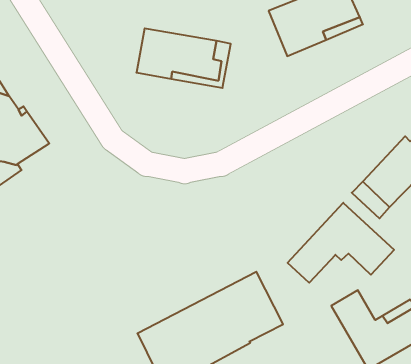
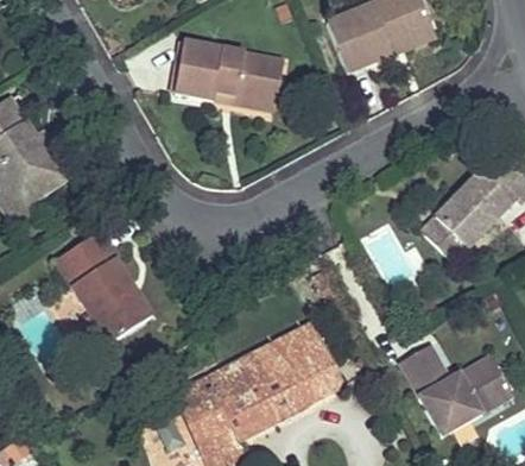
building: none -> [52,227,150,341]
building: [288,203,394,283] -> none

